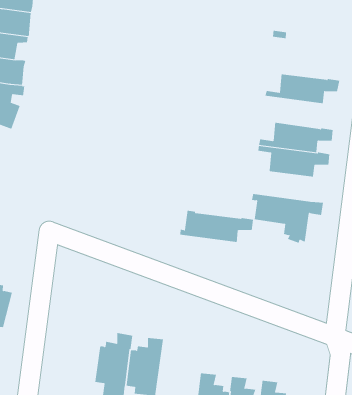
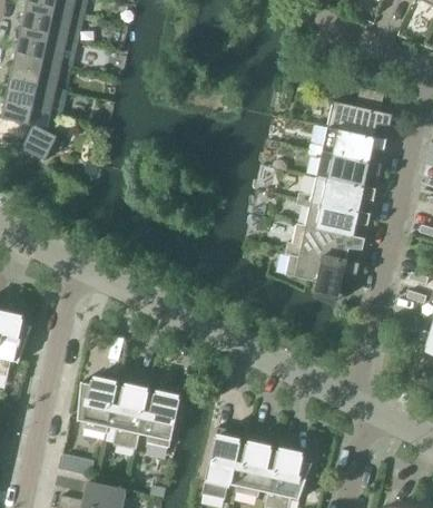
building: none -> [326,104,392,139]
building: none -> [306,150,381,189]
building: [179,210,254,243] -> [286,225,364,263]
building: none -> [77,373,119,436]

